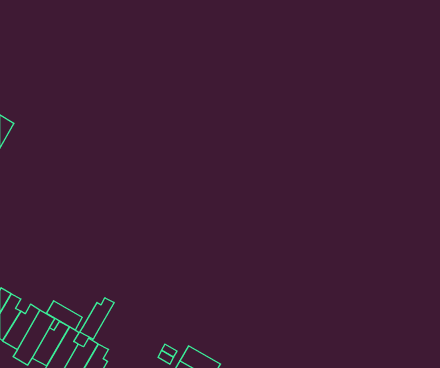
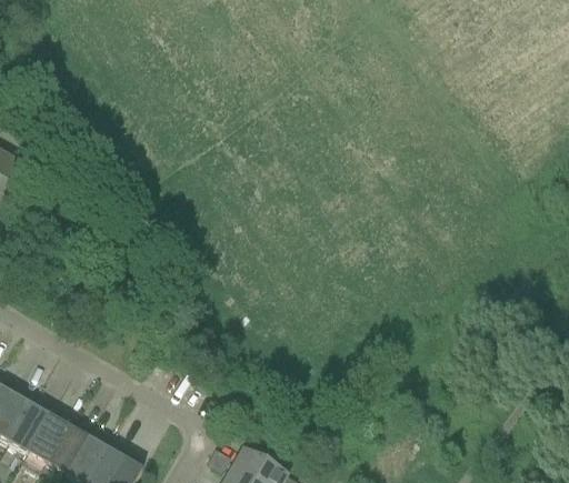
building: [80,298,114,339] -> none
building: [47,301,82,330] -> none

